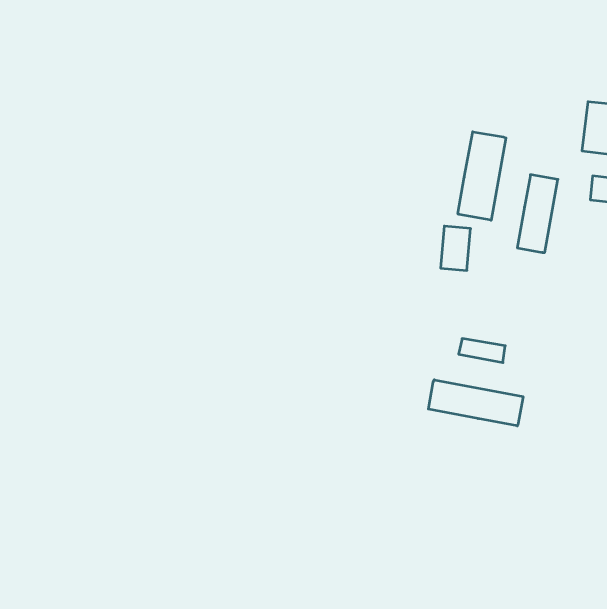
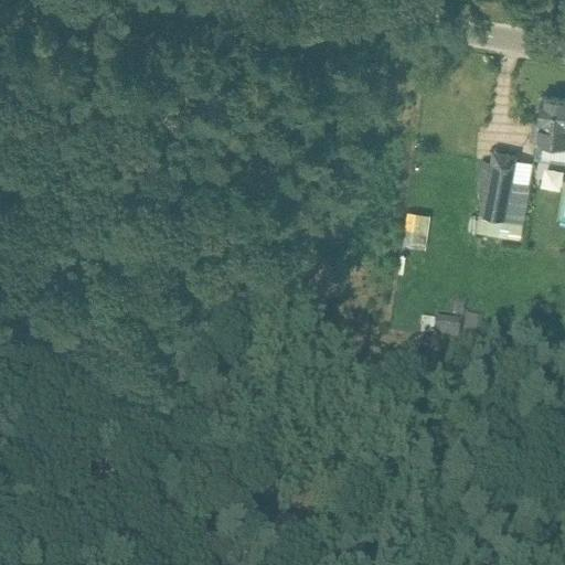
building: [458,132,506,220] -> none
building: [428,380,523,426] -> none

